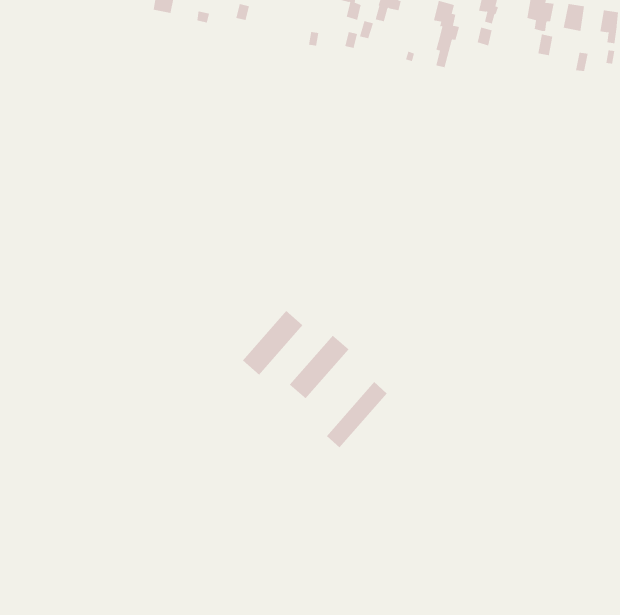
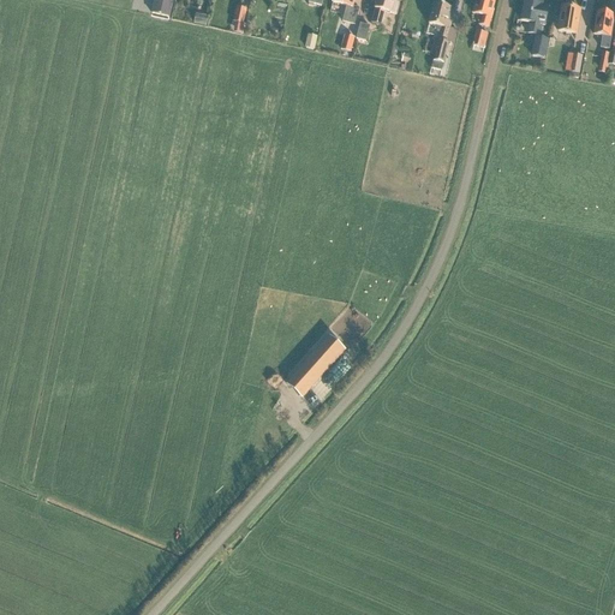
building: [242,310,303,375] -> none
building: [326,381,388,448] -> none

